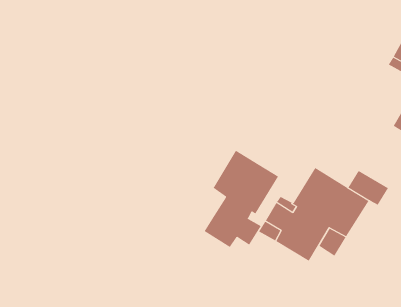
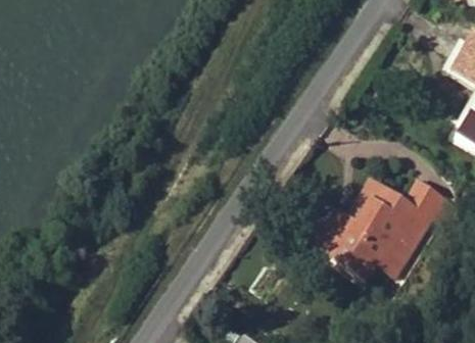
building: [204,150,279,248] -> none

